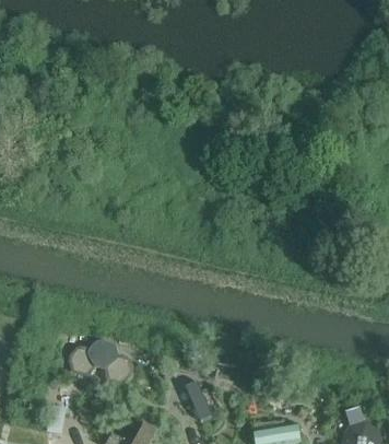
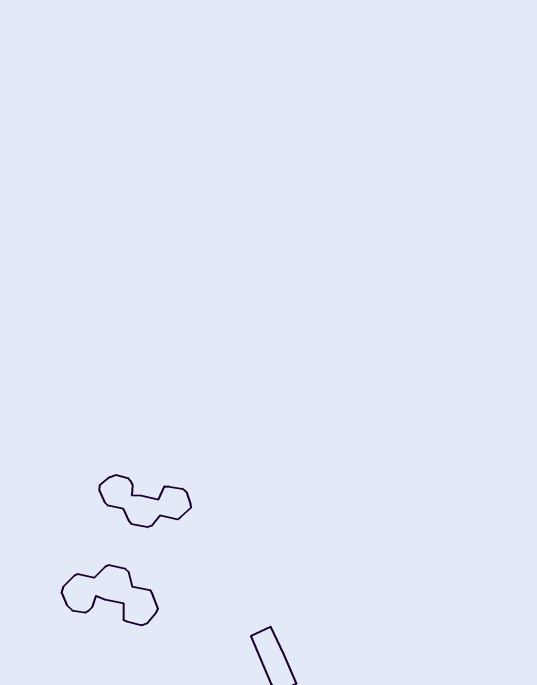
building: none -> [100,475,191,527]

